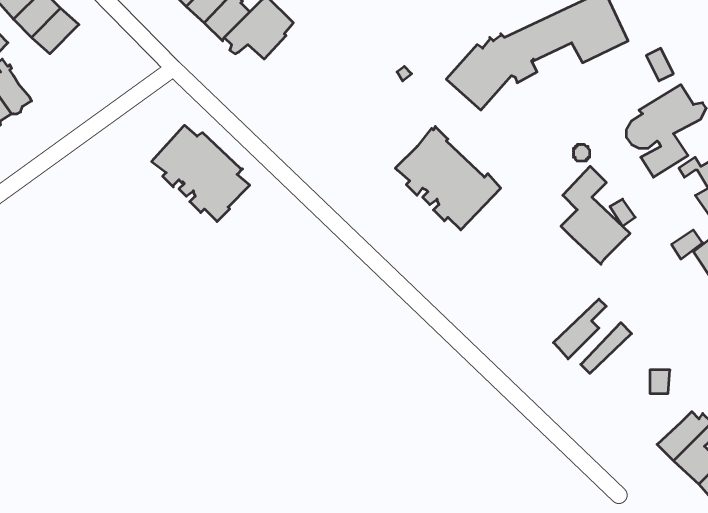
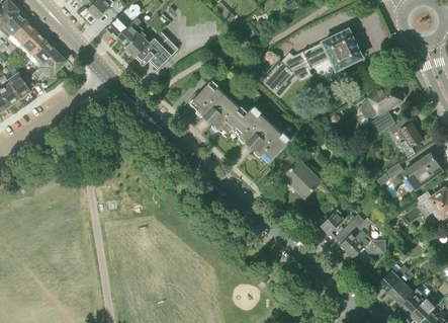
building: none -> [23,49,66,89]
building: [152,125,250,222] -> [190,83,245,137]
building: [561,166,630,264] -> [283,144,322,198]
building: none -> [341,221,372,258]

